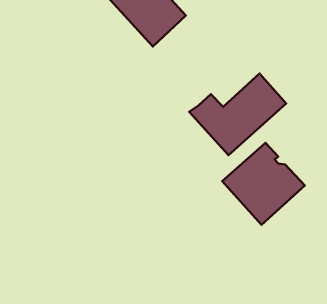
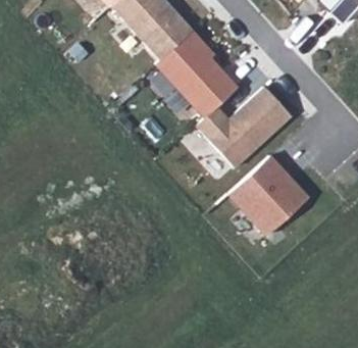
building: none -> [156,30,239,118]

